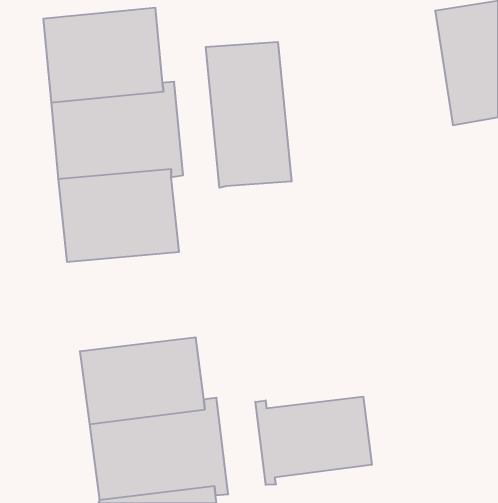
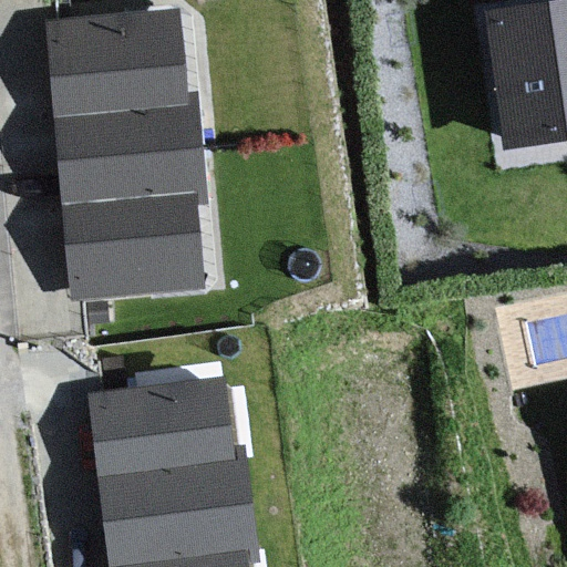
building: [206,42,291,188] -> none
building: [255,397,372,485] -> none

